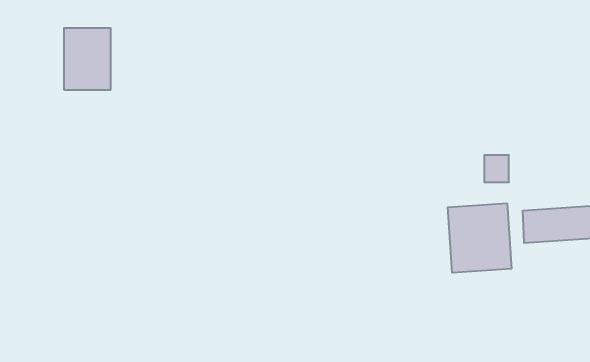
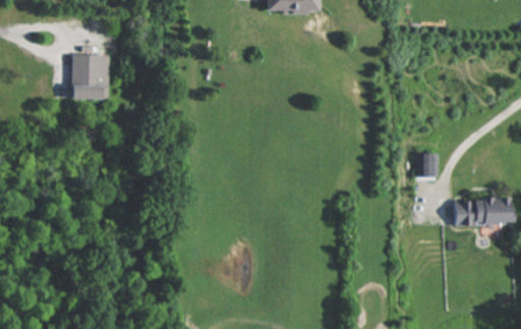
building: [448,203,512,273] -> none

